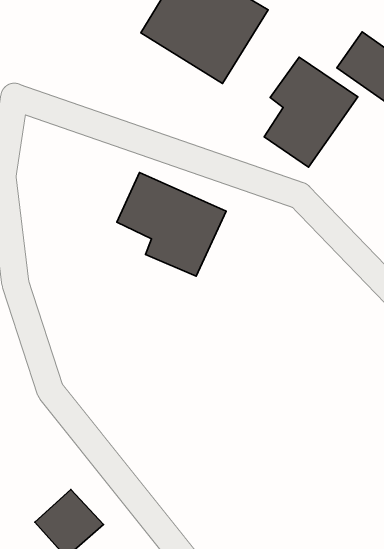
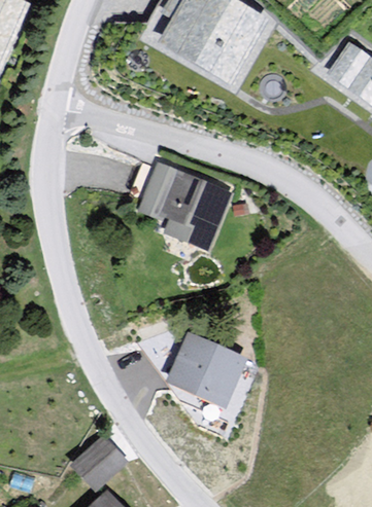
building: [264,57,358,167] -> none
building: none -> [166,333,248,409]

